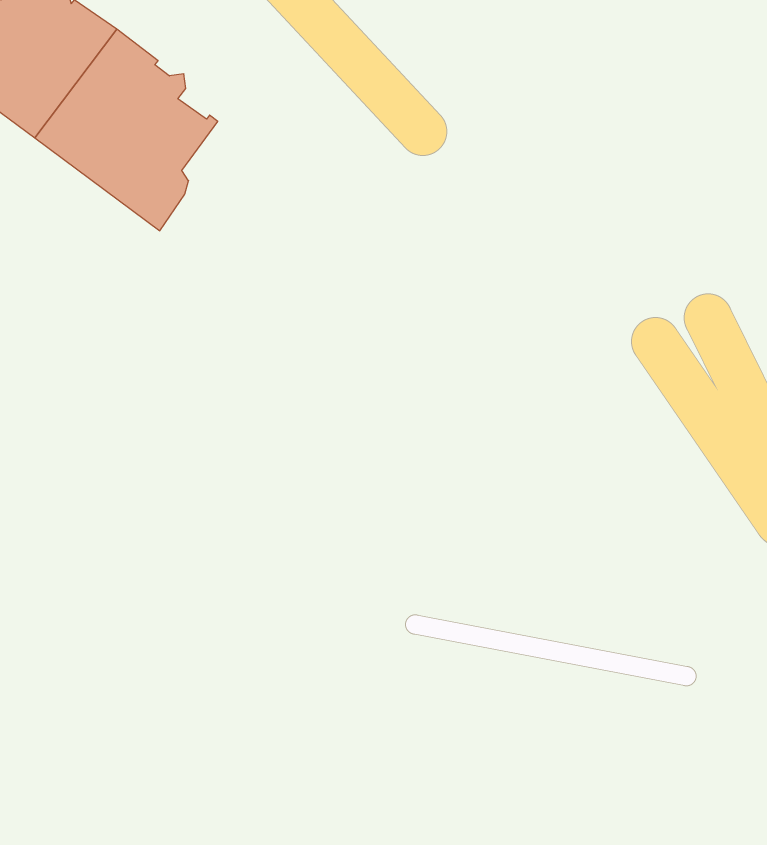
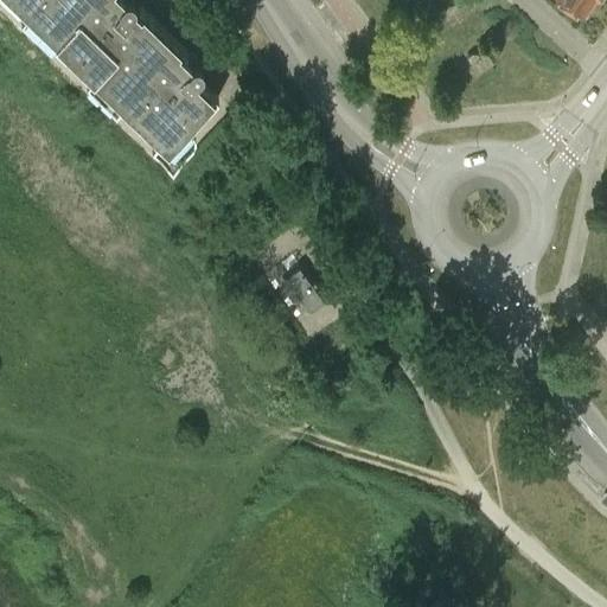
building: none -> [276,263,321,311]

